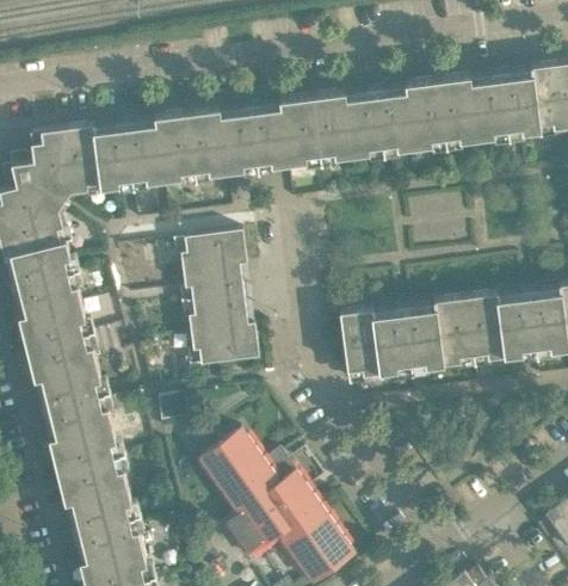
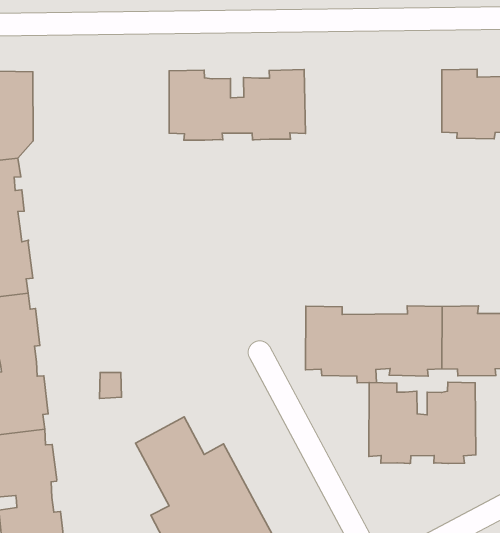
building: [311,84,445,161] -> none
building: [62,116,195,196] -> none
building: [180,233,259,368] -> none
building: none -> [369,382,476,464]

